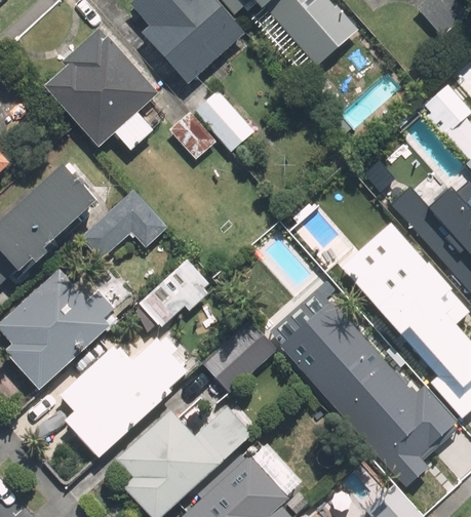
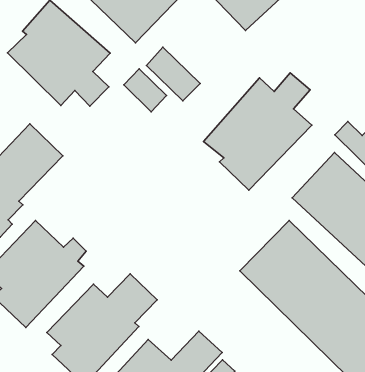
building: none -> [203,73,312,190]
building: [85,193,167,258] -> none
building: [143,263,215,333] -> none
building: [203,324,274,393] -> none

